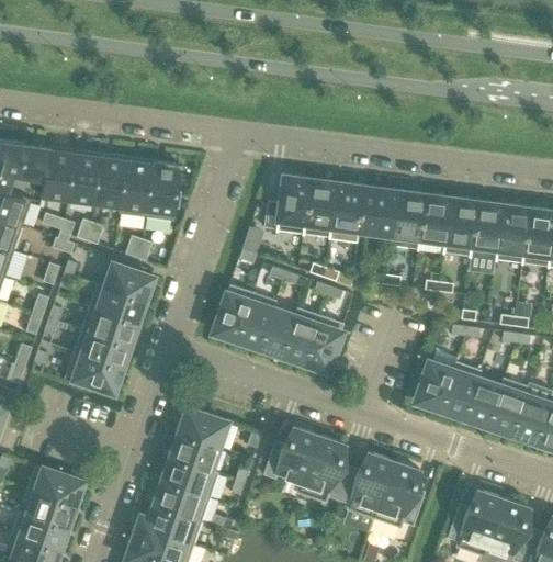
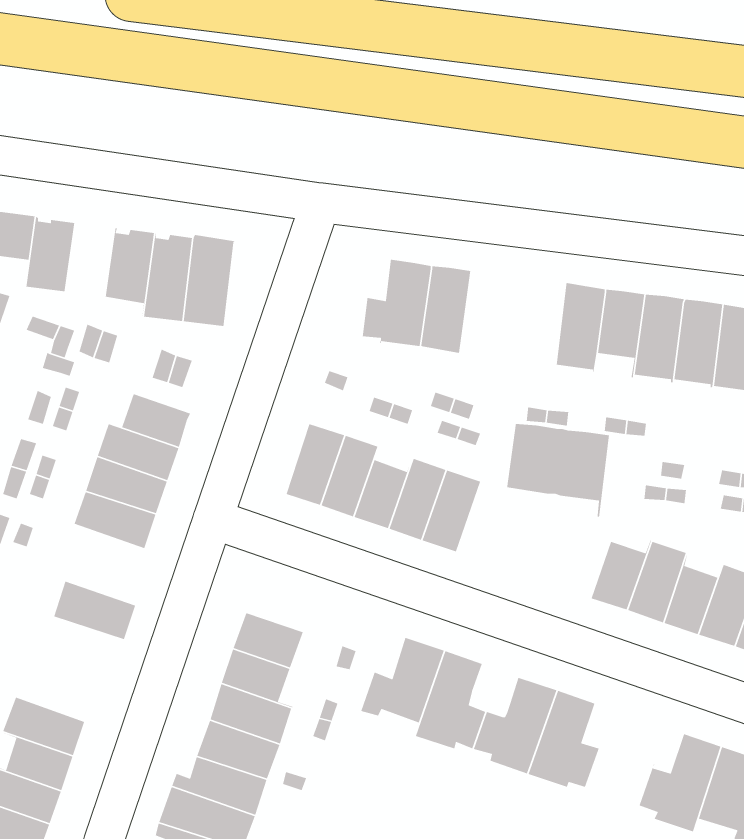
building: [68,151,101,201] -> none
building: [329,183,399,247] -> [504,423,610,519]
building: [66,351,121,391] -> [53,580,136,640]

